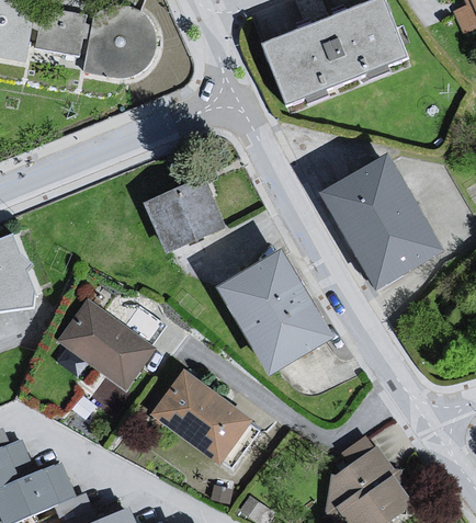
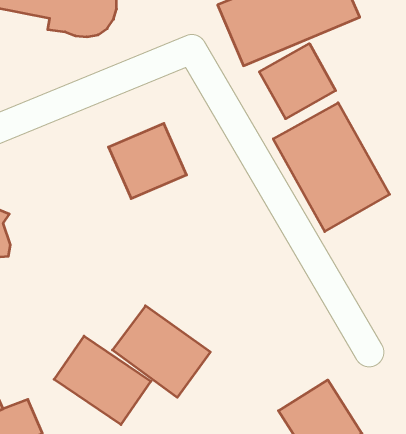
building: none -> [259,44,336,119]
building: [220,250,327,364] -> none
building: [56,295,159,389] -> [54,336,151,425]

